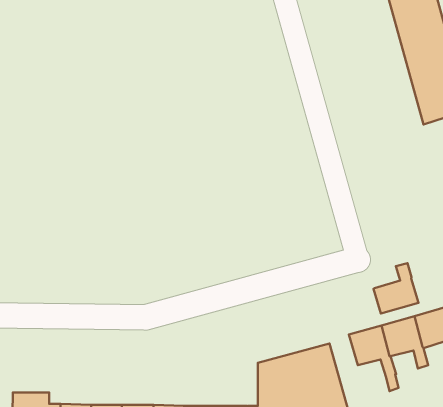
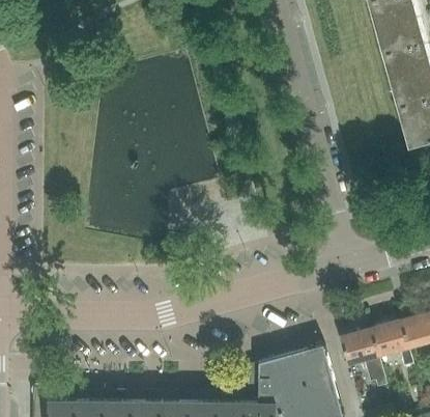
building: [373,263,418,313] -> none

